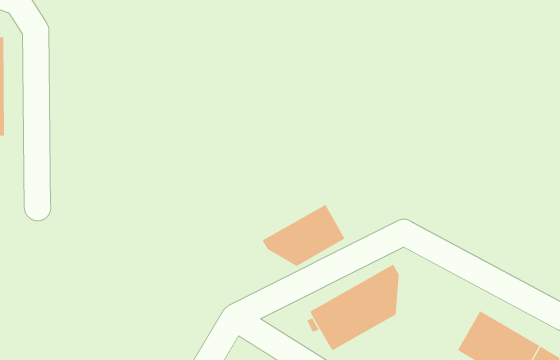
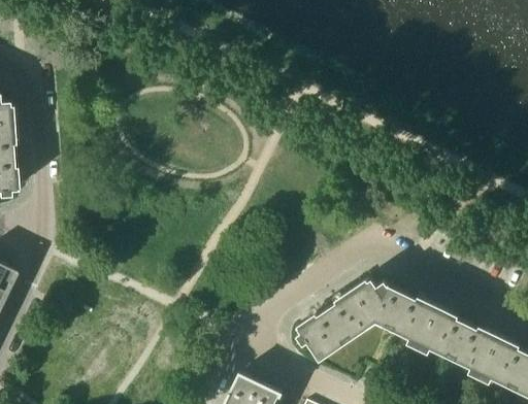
building: [262,204,345,267] -> none
building: none -> [376,282,451,351]

